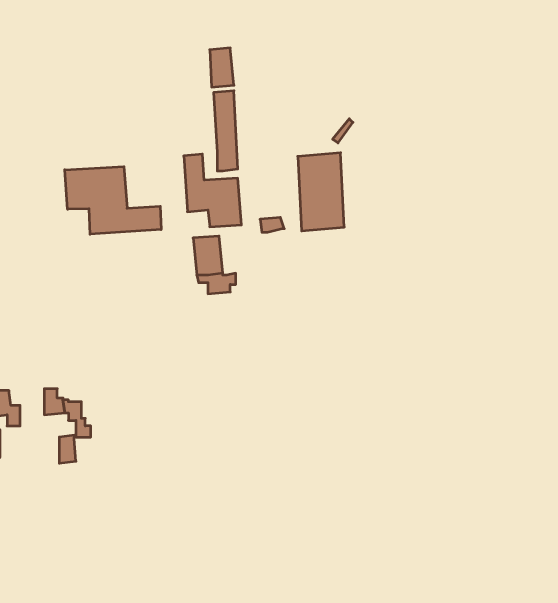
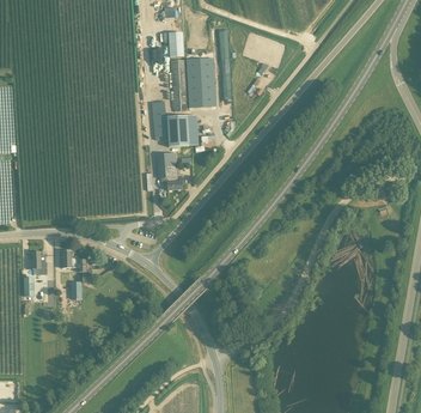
building: [298,153,344,231] -> [185,56,215,107]
building: [65,167,161,234] -> none

